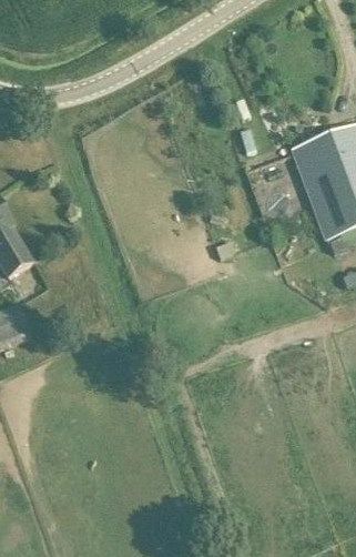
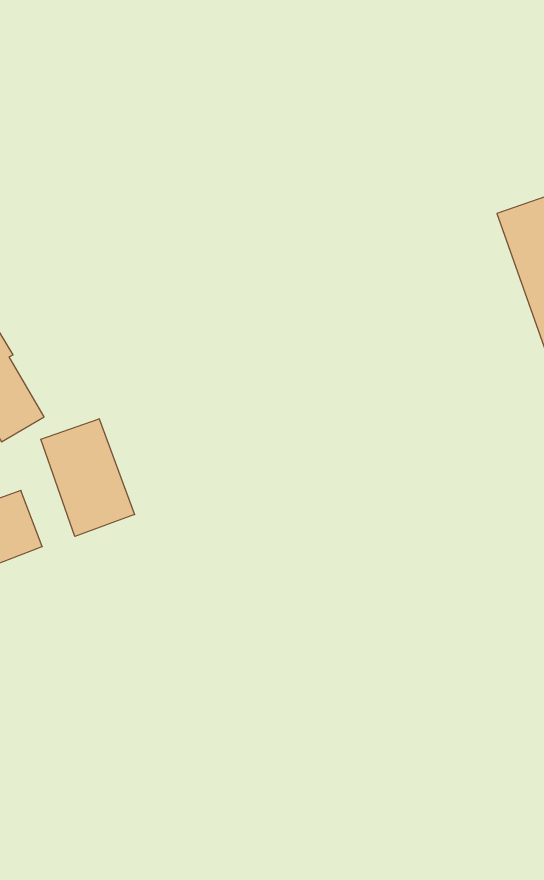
building: none -> [41,419,135,536]

